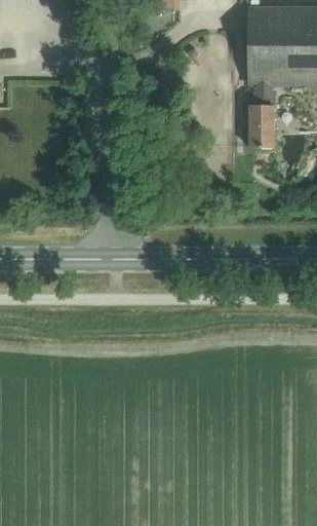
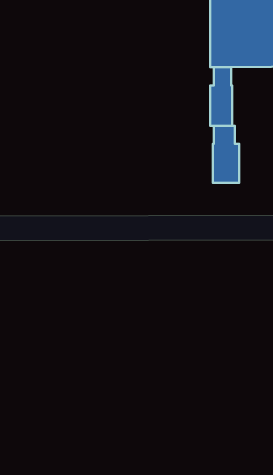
building: none -> [213,126,239,183]

